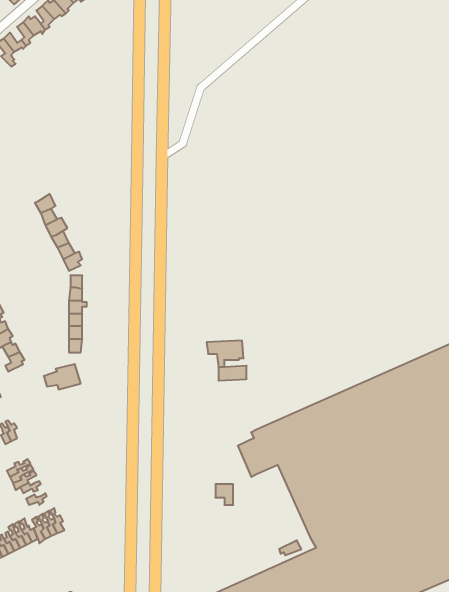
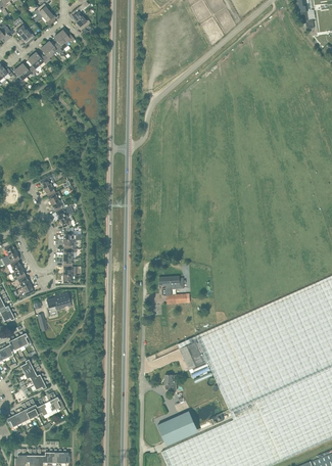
building: none -> [157,411,196,441]

